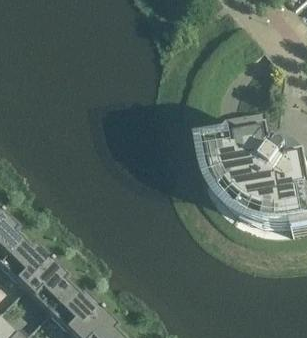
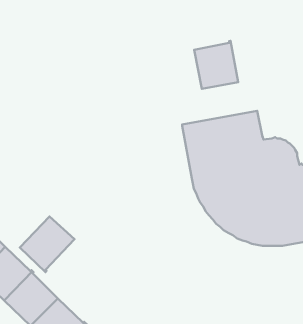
building: none -> [194,41,238,89]
building: none -> [20,217,74,272]

